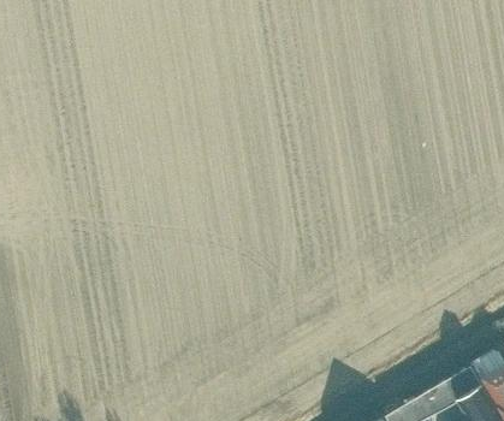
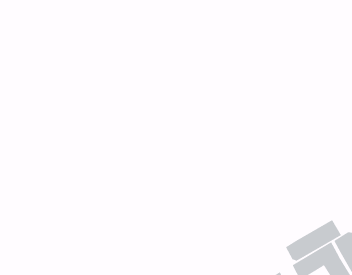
building: none -> [285,219,342,261]

